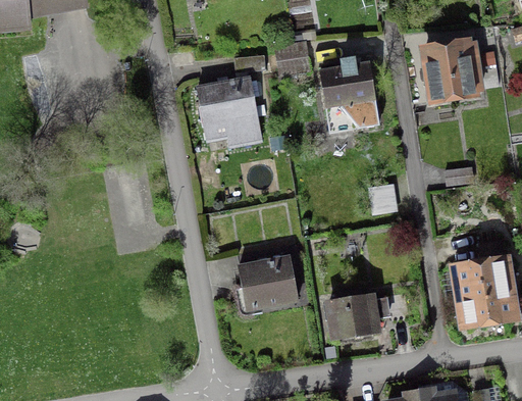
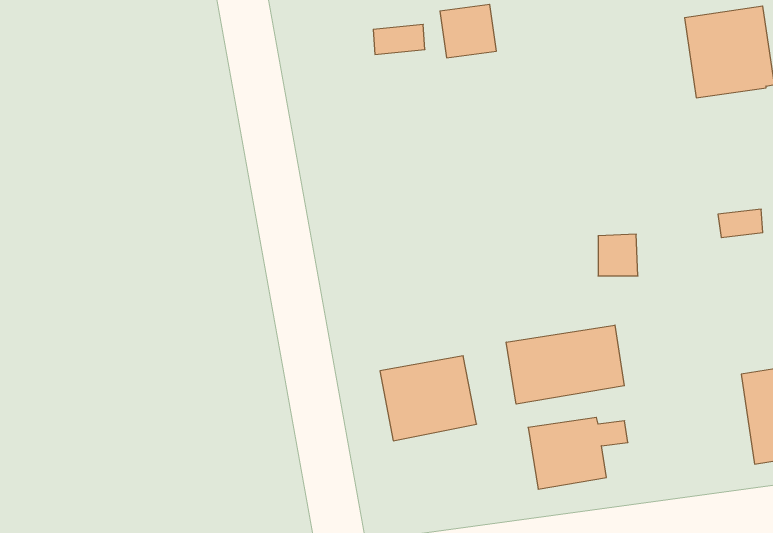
building: [320,62,379,133] -> none
building: [198,79,261,145] -> none
building: none -> [506,325,624,404]

